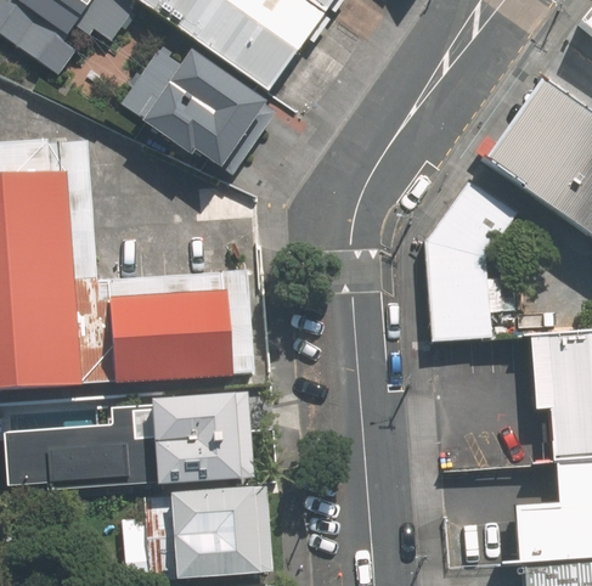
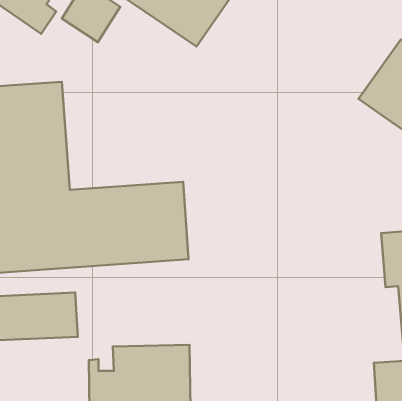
building: [147,49,274,168] -> none
building: [427,162,526,338] -> none
building: [115,399,241,489] -> none

